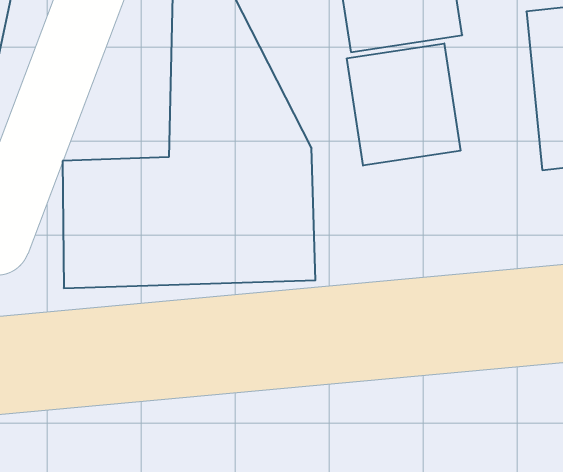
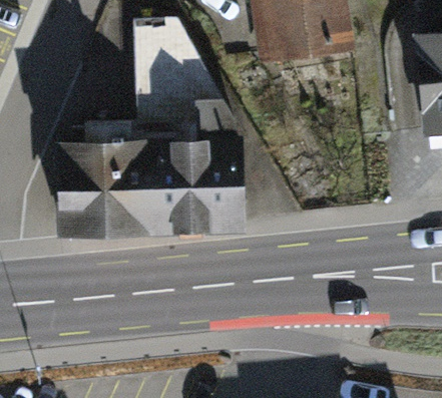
building: [347,43,460,166] -> none

